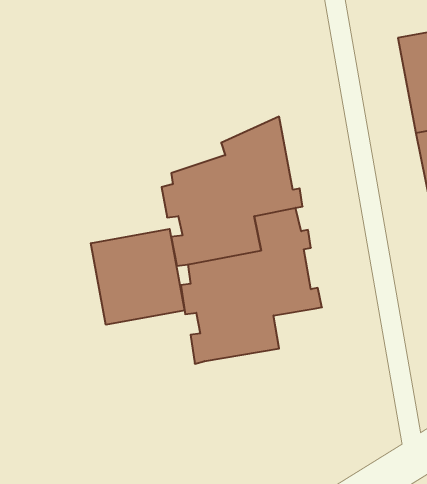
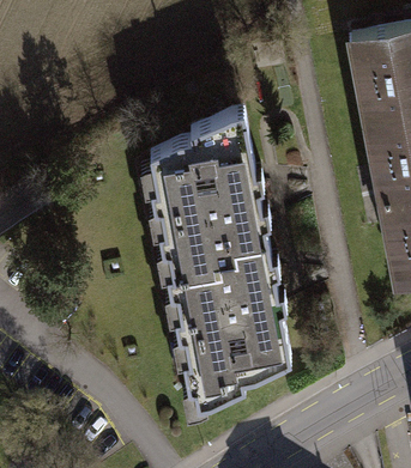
building: [91,229,185,325] -> none
building: none -> [175,275,291,414]

